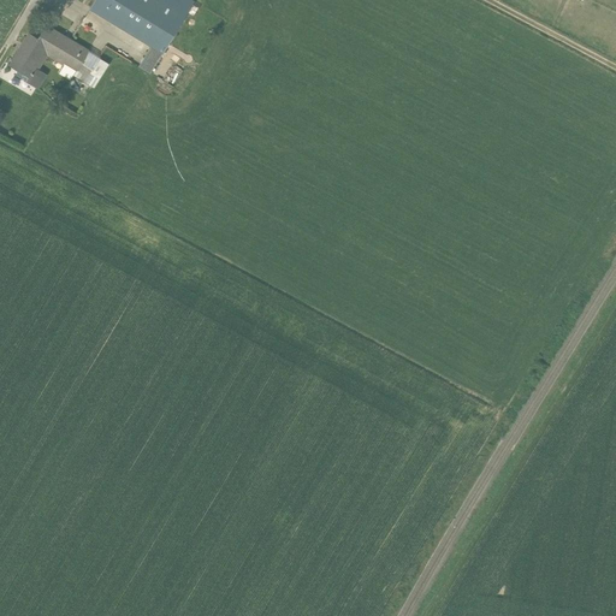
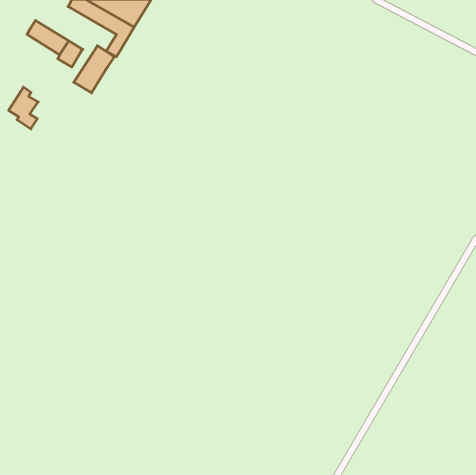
building: [8,32,47,87] -> [9,87,38,129]
building: none -> [74,46,114,93]

